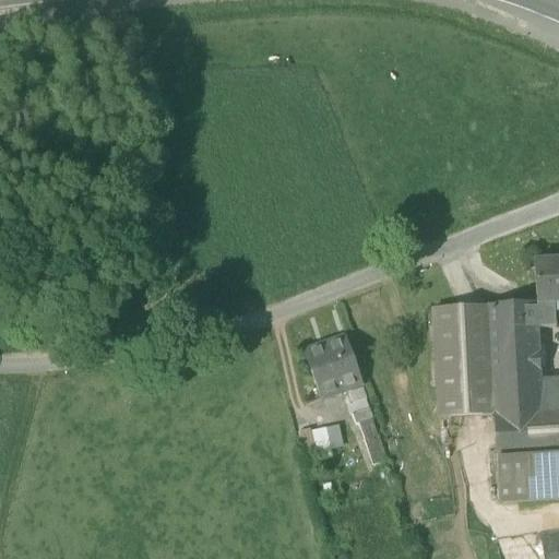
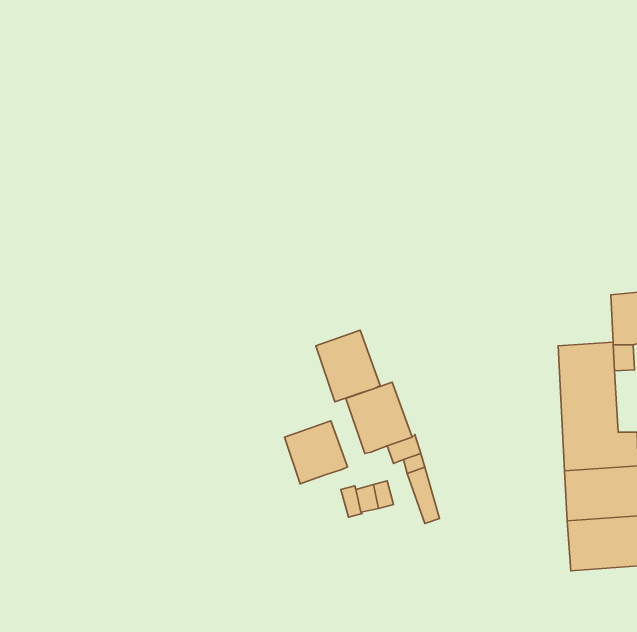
building: none -> [316,330,380,402]
building: [435,302,495,414] -> none
building: none -> [284,421,347,484]

